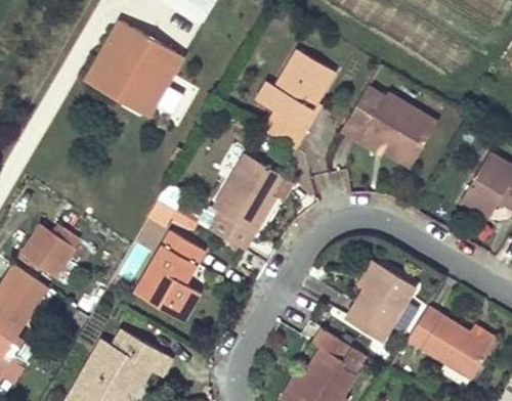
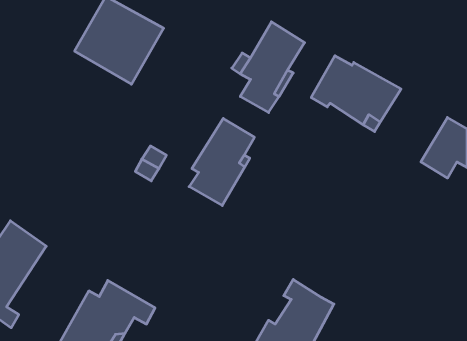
building: [24,223,75,274] -> none
building: [135,231,204,320] -> none
building: [344,261,415,341] -> none
building: [409,306,496,377] -> none

